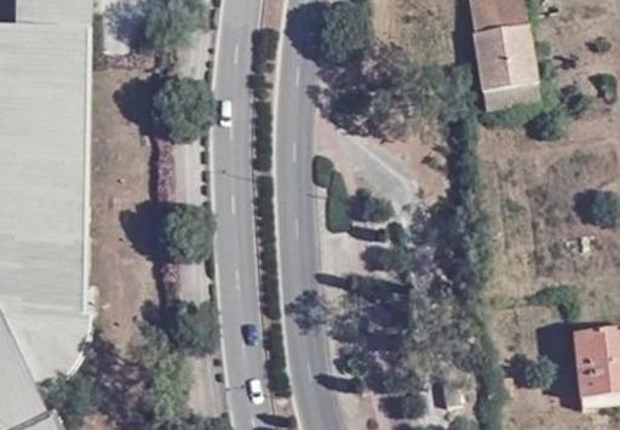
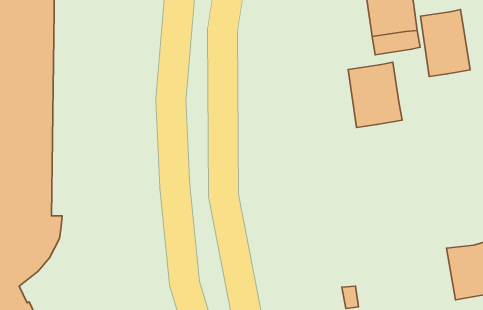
building: none -> [420,10,470,77]
building: none -> [348,62,402,128]

